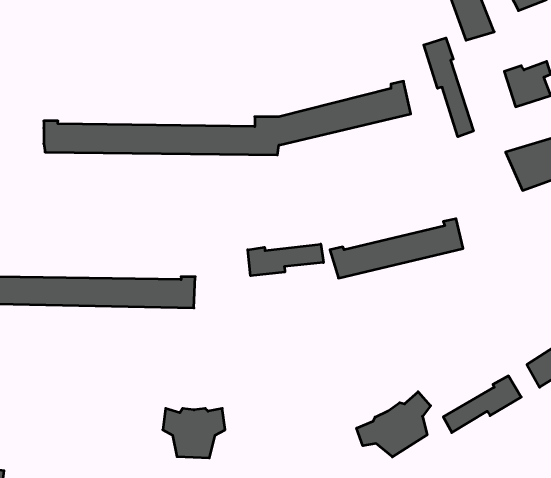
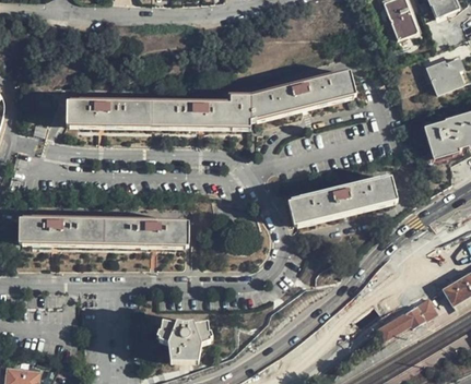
building: [424,38,473,137] -> none
building: [248,244,323,276] -> none
building: [357,392,431,457] -> none

